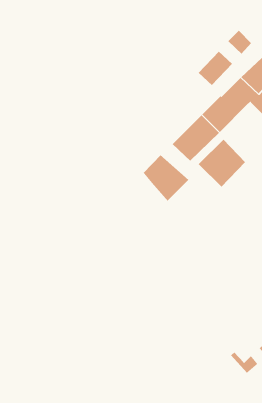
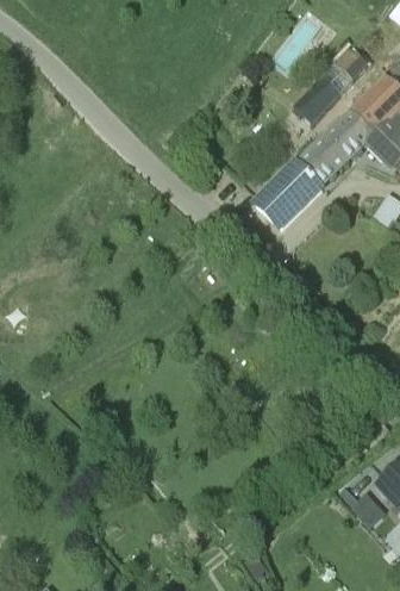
building: [198,139,246,188] -> none
building: [143,155,189,201] -> none

